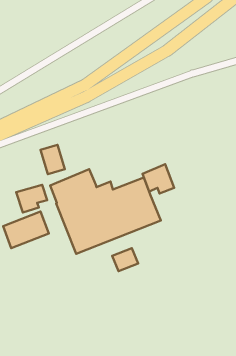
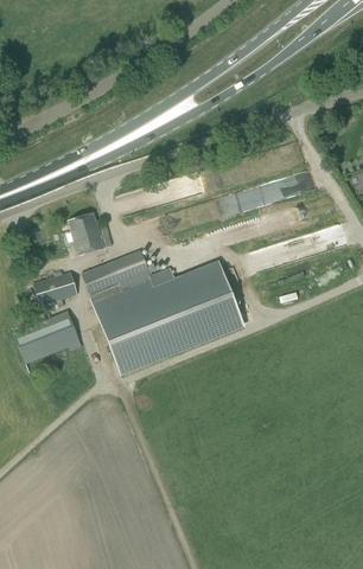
building: [142,164,174,193] -> none
building: [112,248,138,271] -> none

